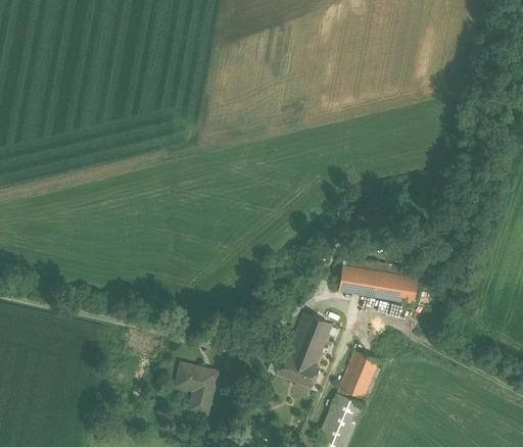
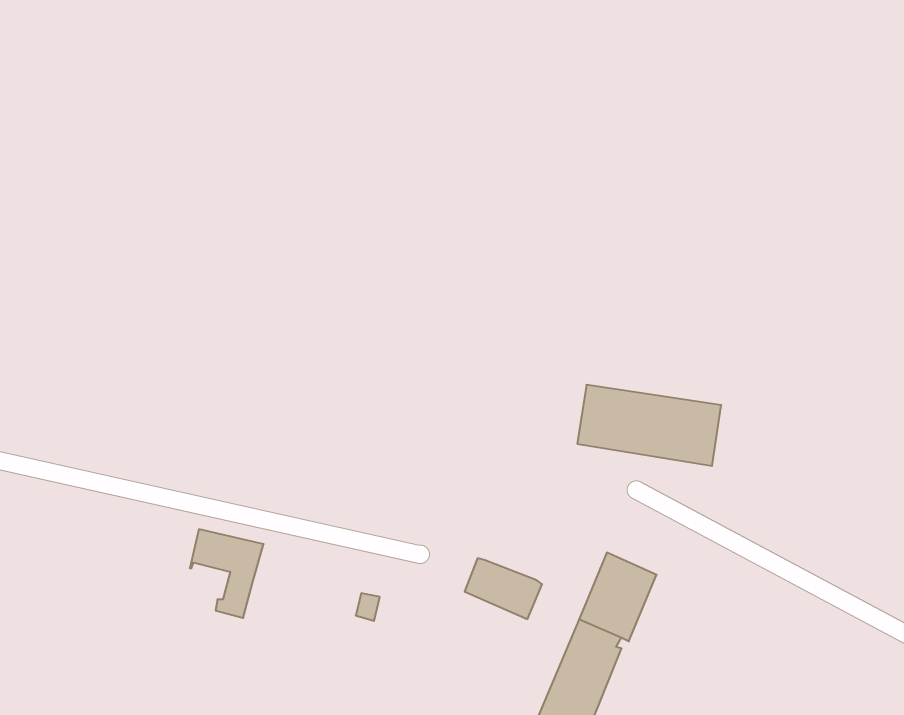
building: [286,313,331,366] -> none
building: [175,364,216,413] -> [190,529,264,618]

